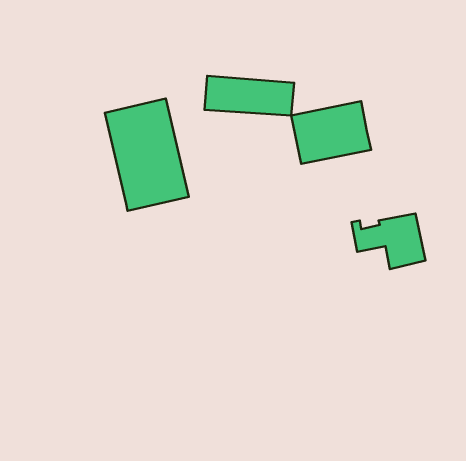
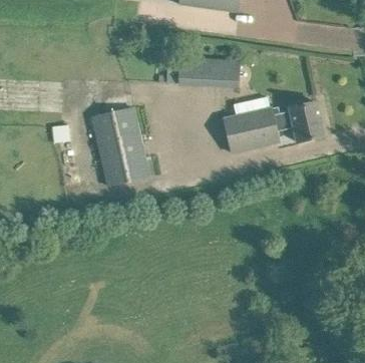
building: [204,76,294,116] -> [178,57,242,85]
building: [351,214,425,269] -> [271,102,323,141]

